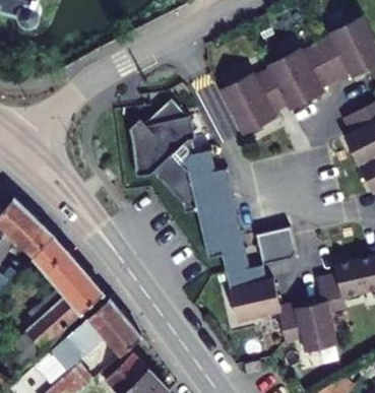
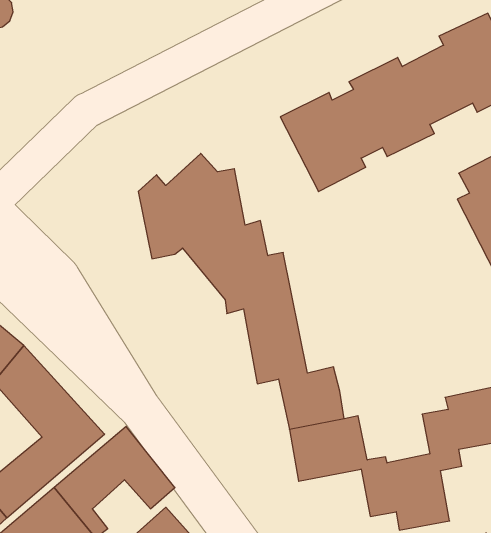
building: [254,227,294,264] -> none

